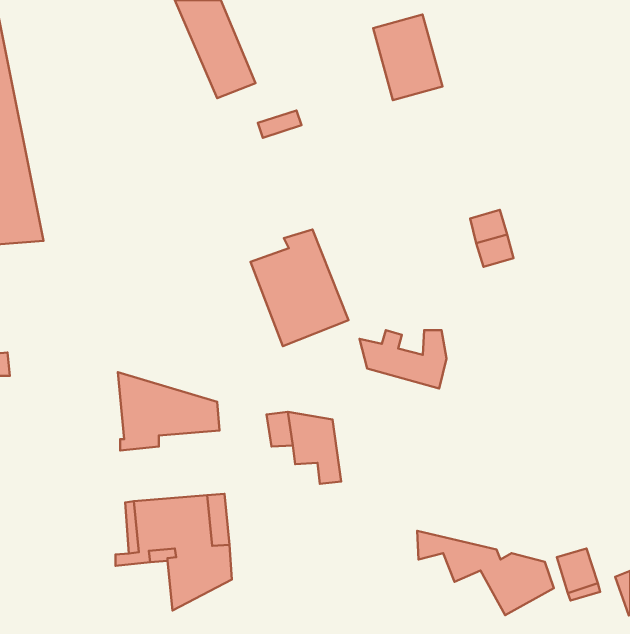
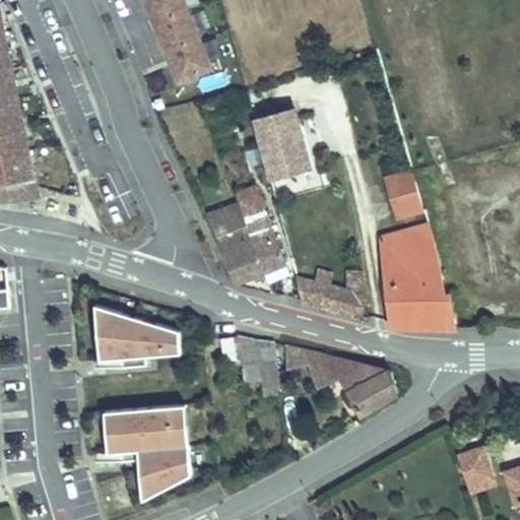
building: [373,14,442,100] -> [251,109,308,179]
building: none -> [375,226,455,327]
building: [417,531,554,615] -> [284,345,396,414]

